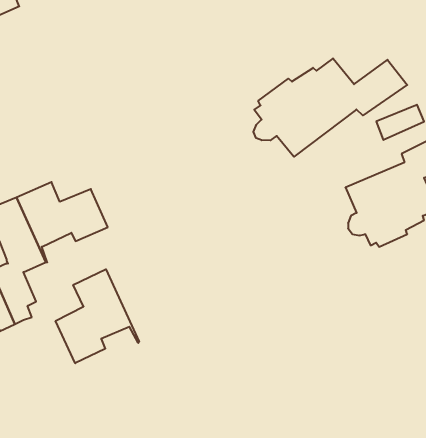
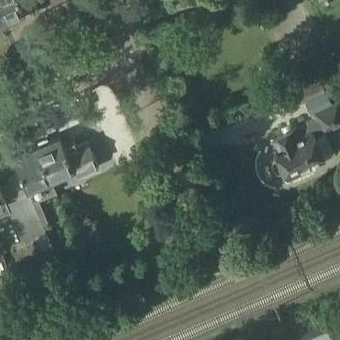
building: [253,58,407,157] -> none
building: [56,269,139,363] -> none

